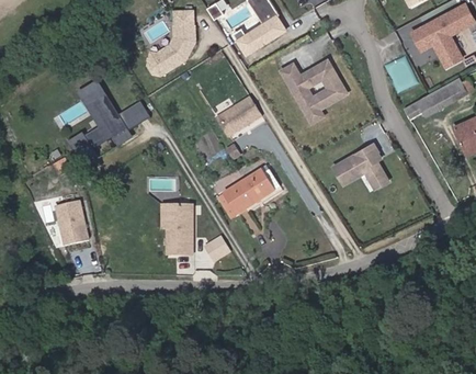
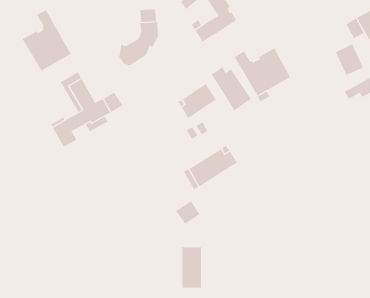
building: none -> [22,10,72,72]
building: none -> [210,66,252,111]
building: [331,141,386,186] -> none
building: [58,204,91,249] -> none
building: [174,209,197,257] -> [182,247,202,288]

